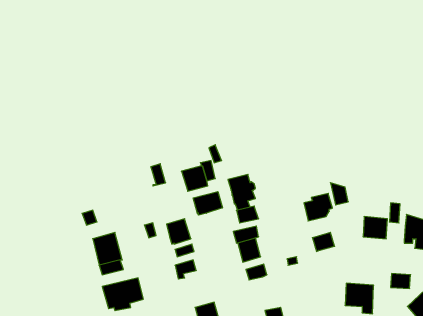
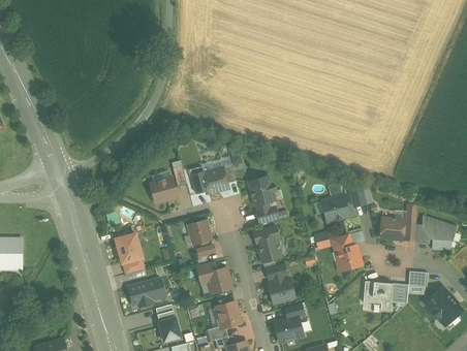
building: none -> [150,177,177,201]
building: [193,192,222,215] -> none
building: none -> [336,245,361,270]
building: none -> [205,267,231,292]
building: none -> [268,276,293,302]

